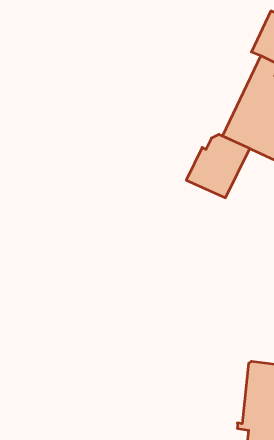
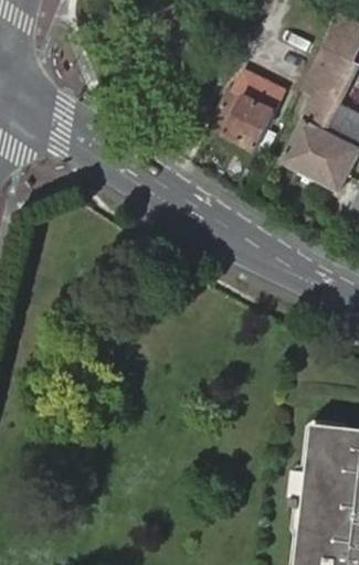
building: [186,134,250,198] -> [209,73,284,148]

